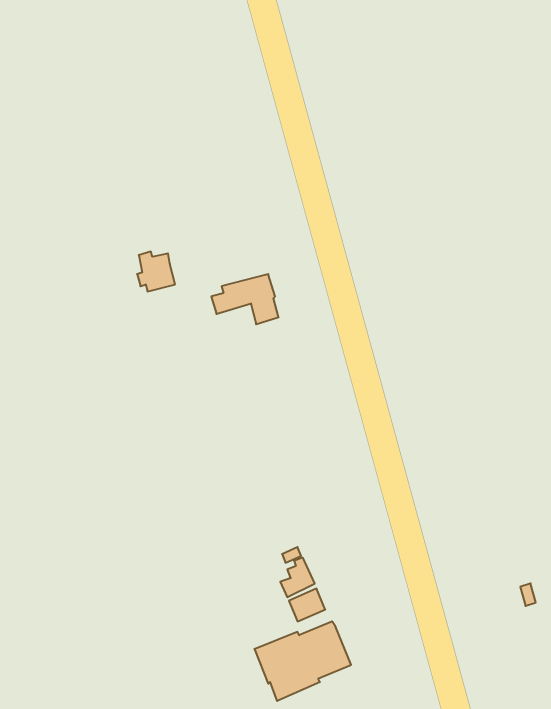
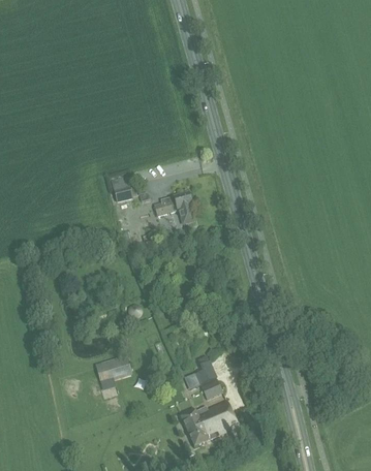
building: none -> [95,355,131,383]

